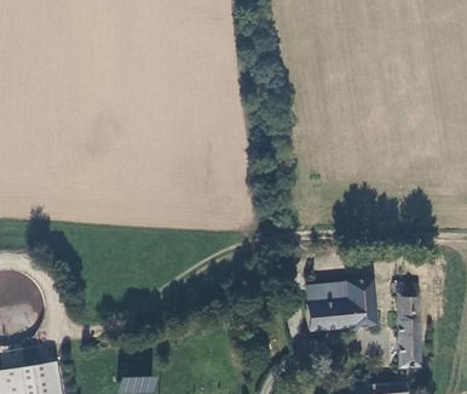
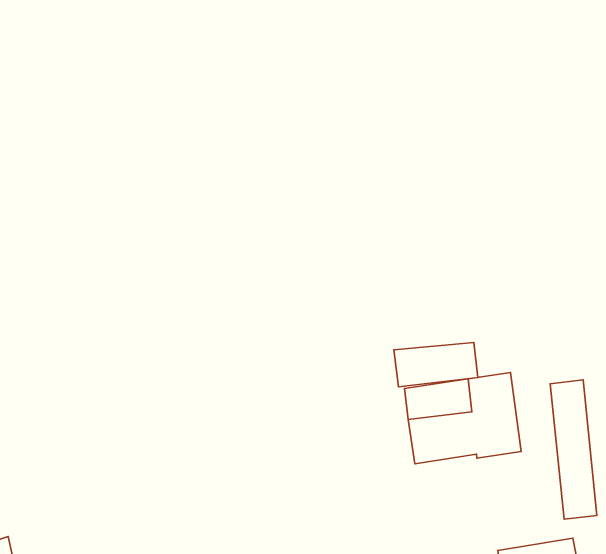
building: none -> [394,342,478,387]

